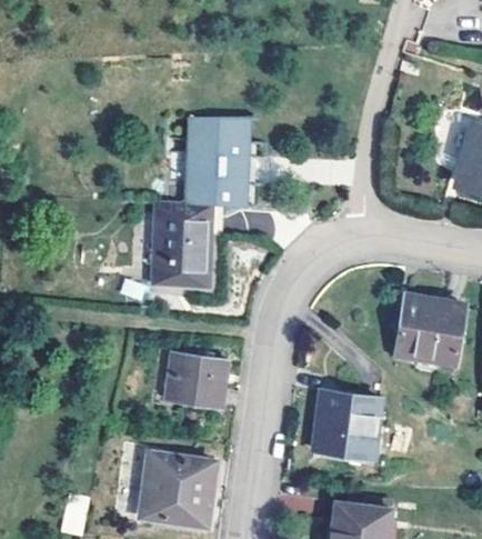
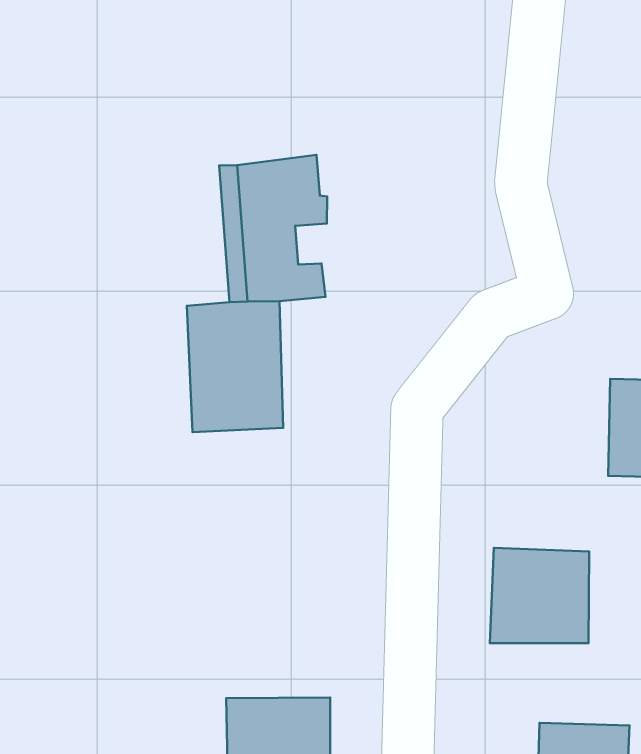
building: [163,357,223,411] -> none

